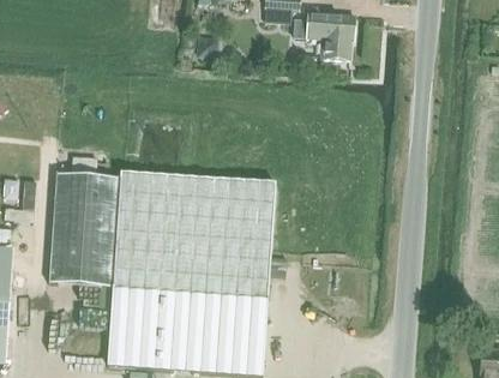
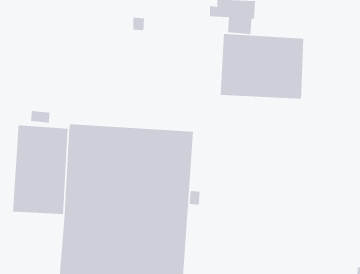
building: none -> [220,33,304,99]

